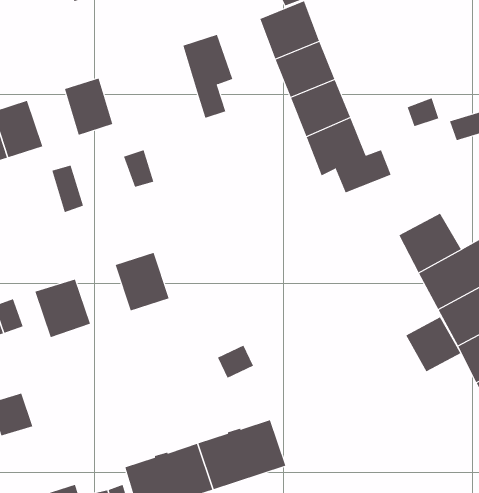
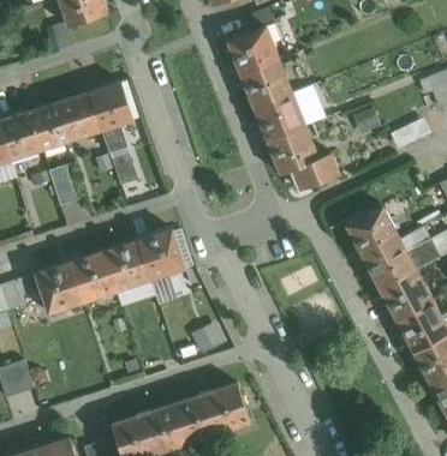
building: [182,34,233,118] -> [90,82,133,154]
building: none -> [29,101,72,150]
building: none -> [137,229,185,280]
building: none -> [70,251,117,301]
building: [405,317,461,372] -> none

